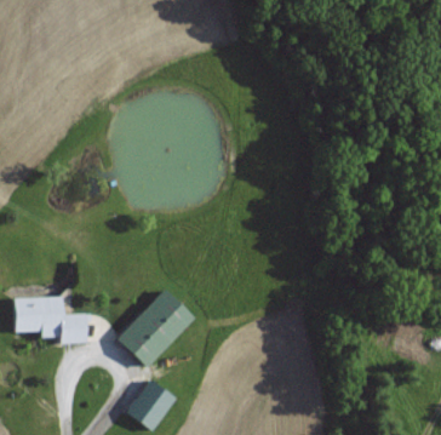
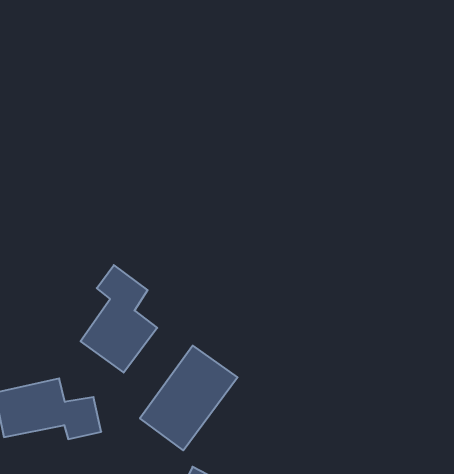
building: none -> [81,265,157,373]

